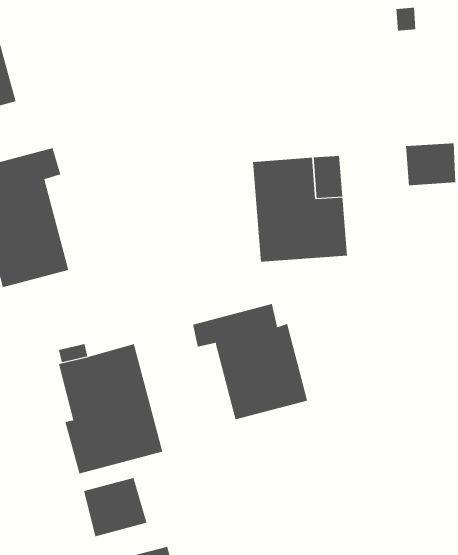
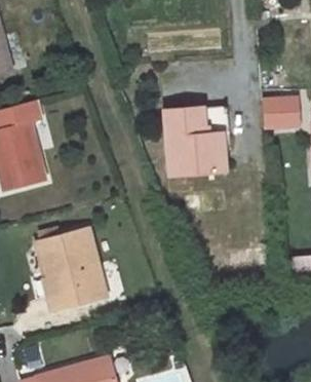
building: [193,303,308,420] -> none
building: [84,477,147,537] -> none

